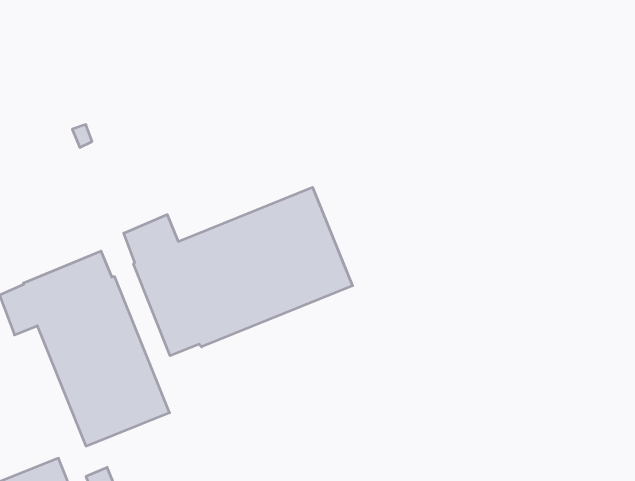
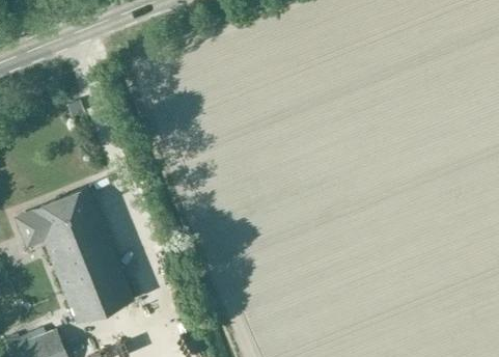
building: [124,187,353,356] -> none

